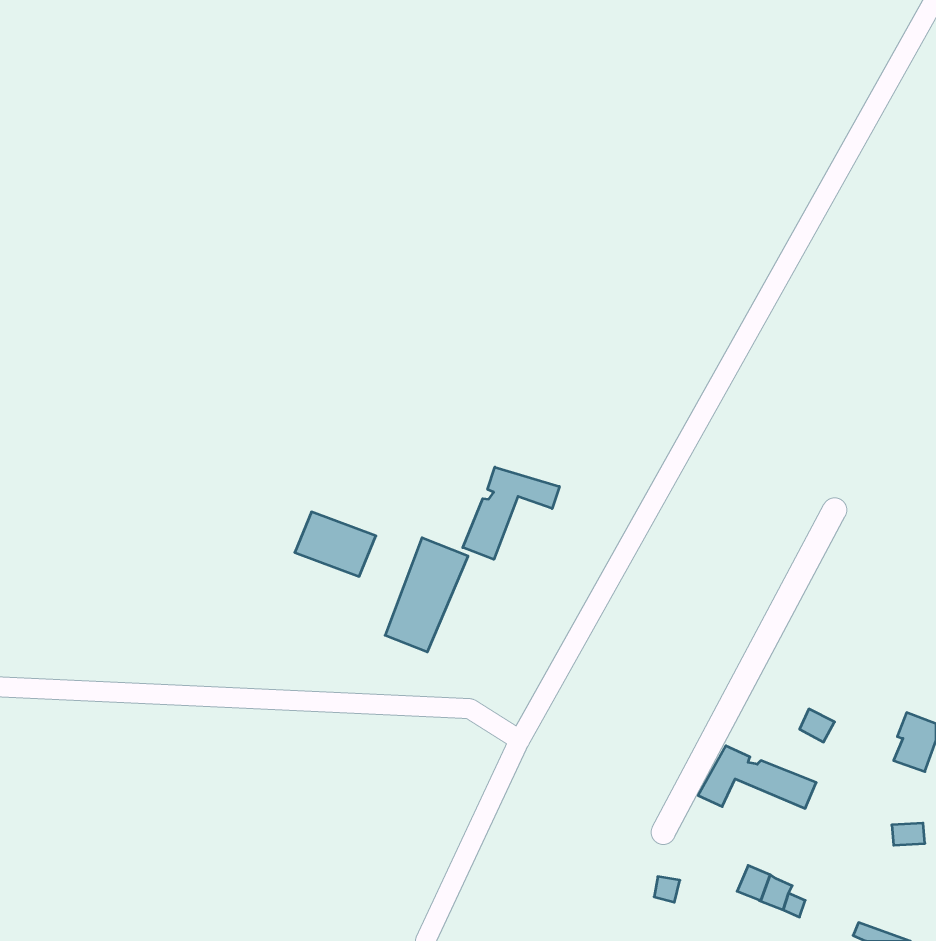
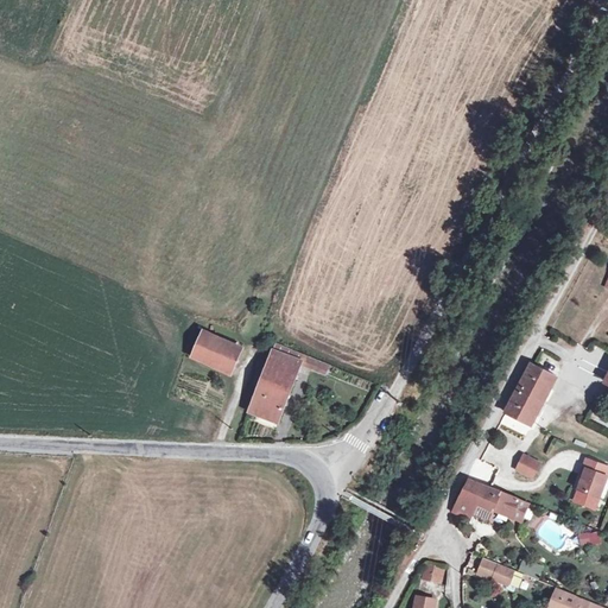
building: [463,467,559,559] -> none
building: none -> [504,366,555,428]

